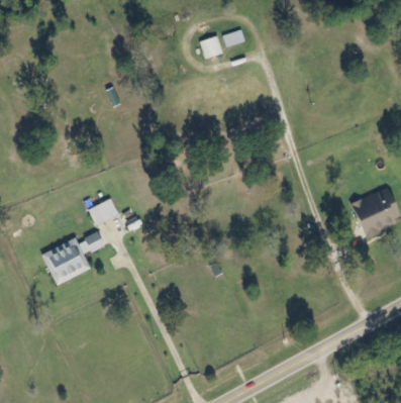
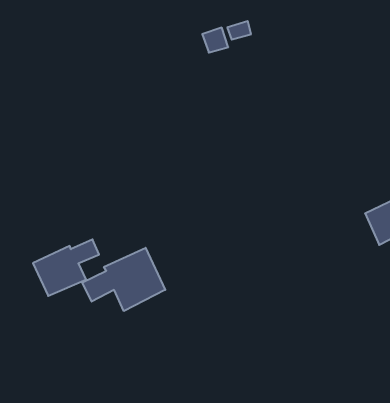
building: [88,197,119,224] -> none
building: none -> [82,248,165,311]

